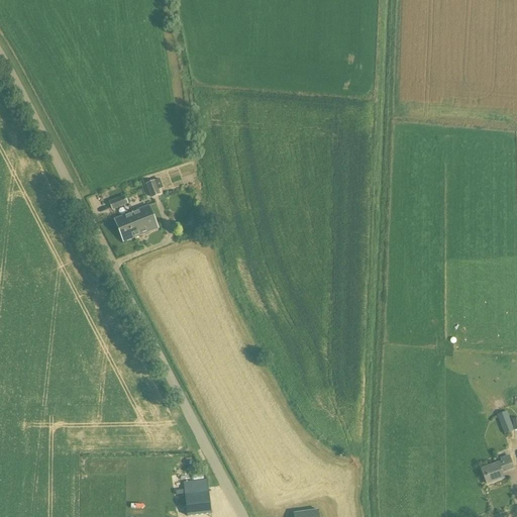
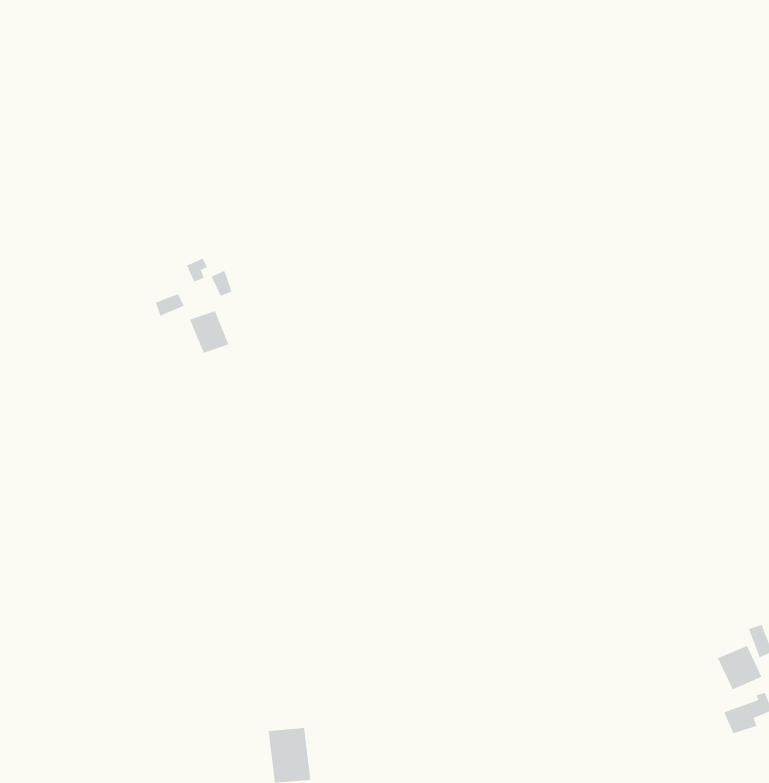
building: [115,210,140,239] -> none
building: none -> [717,645,762,690]

